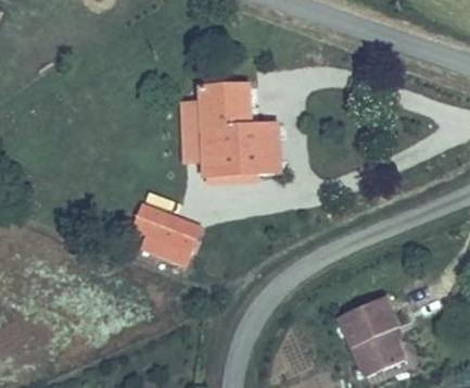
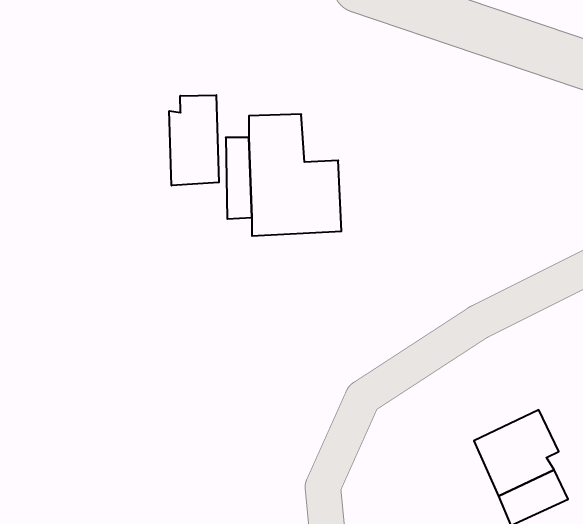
building: none -> [169,95,219,186]
building: [134,203,194,249] -> none

